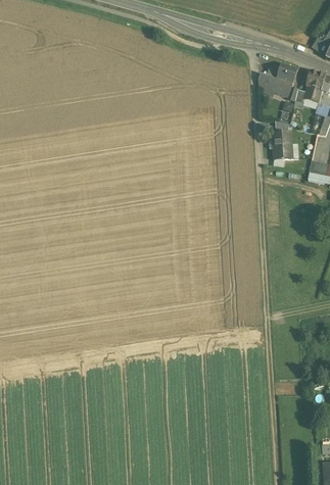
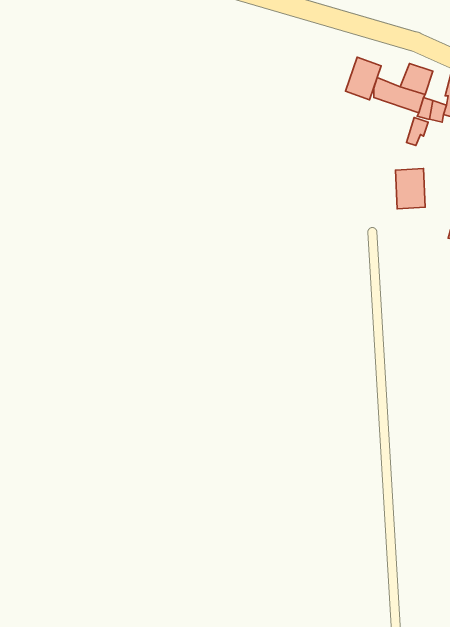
building: none -> [345,57,381,100]

